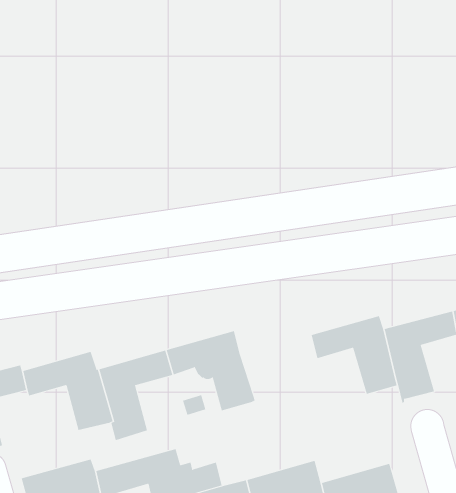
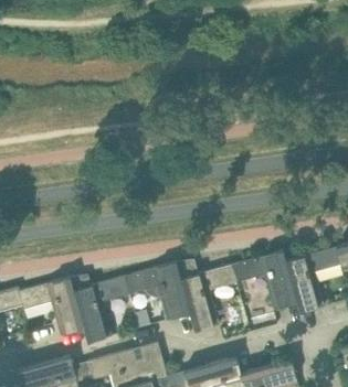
building: none -> [179,265,235,331]

